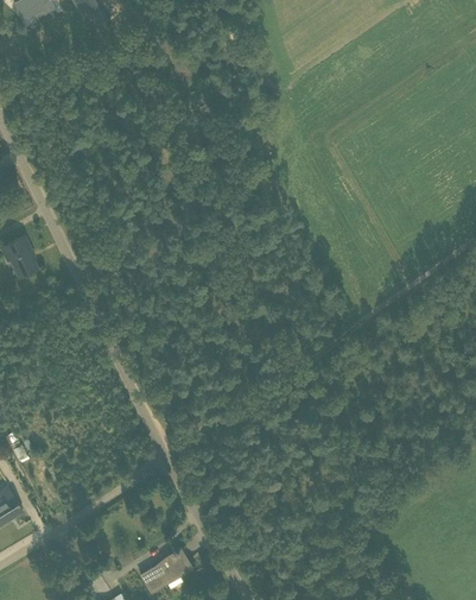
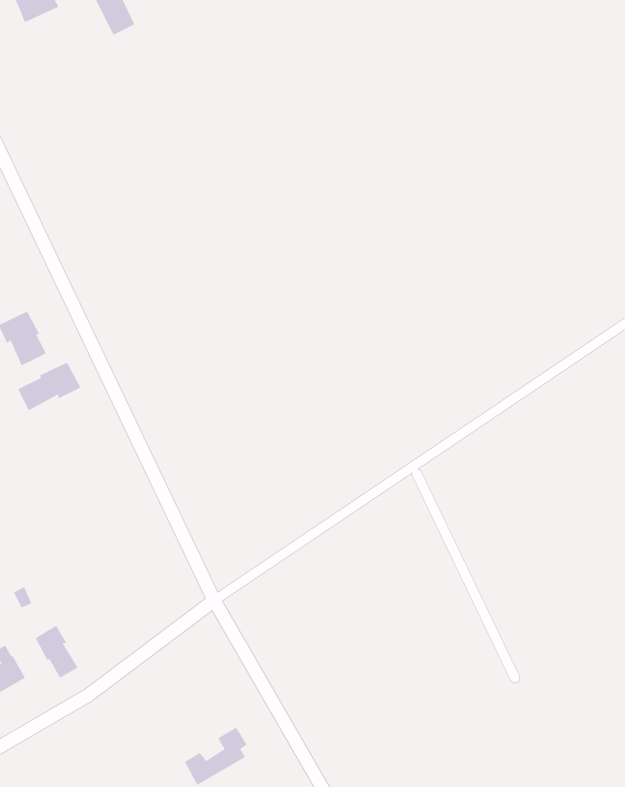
building: none -> [17,362,81,411]
building: none -> [35,625,78,679]

